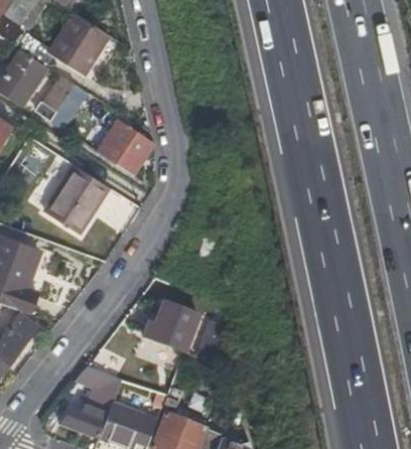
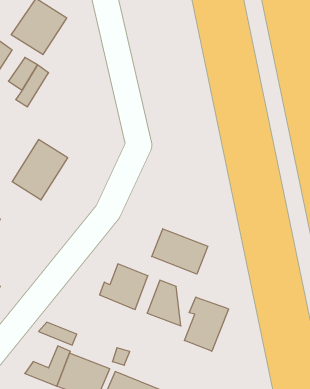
building: [98,119,154,174] -> none
building: none -> [152,229,208,274]
building: none -> [184,297,229,351]

